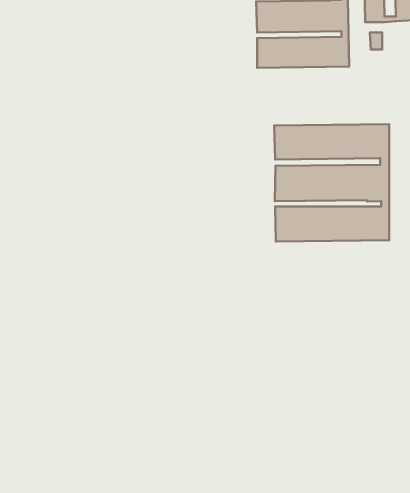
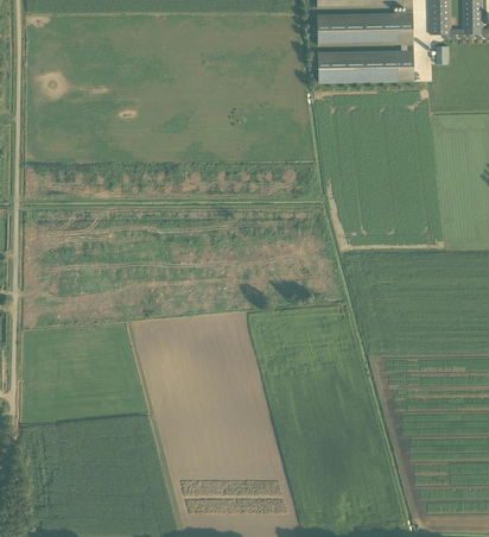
building: [274,124,389,242] -> none

